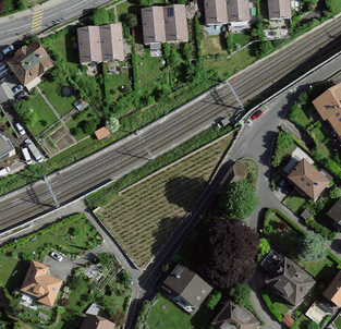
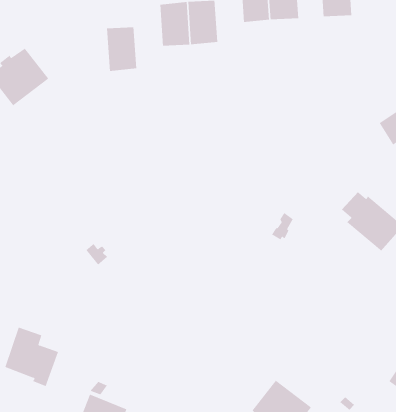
building: [76,26,100,61] -> none
building: [260,249,313,306] -> none
building: [161,264,210,307] -> none

